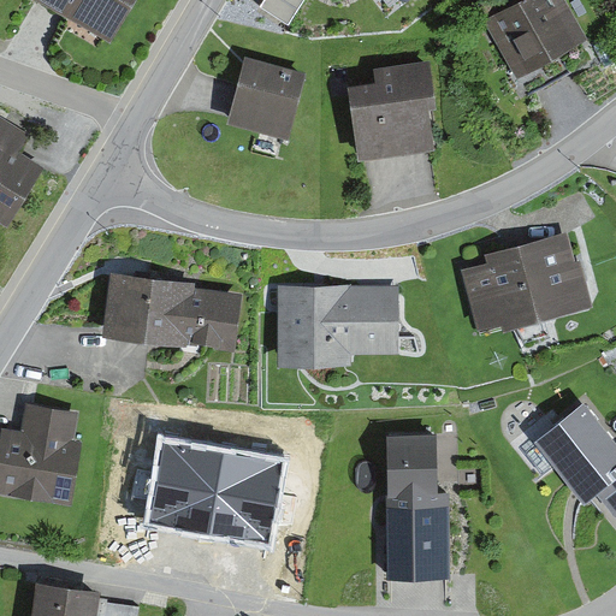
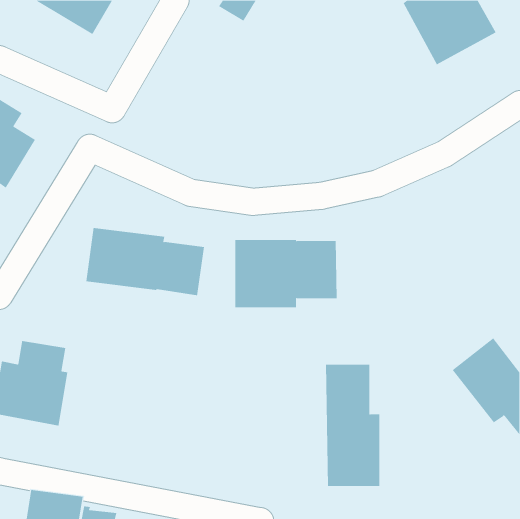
building: [226,55,306,138] -> none
building: [348,59,436,158] -> none
building: [460,232,592,331] -> none
building: [147,443,283,547] -> none

